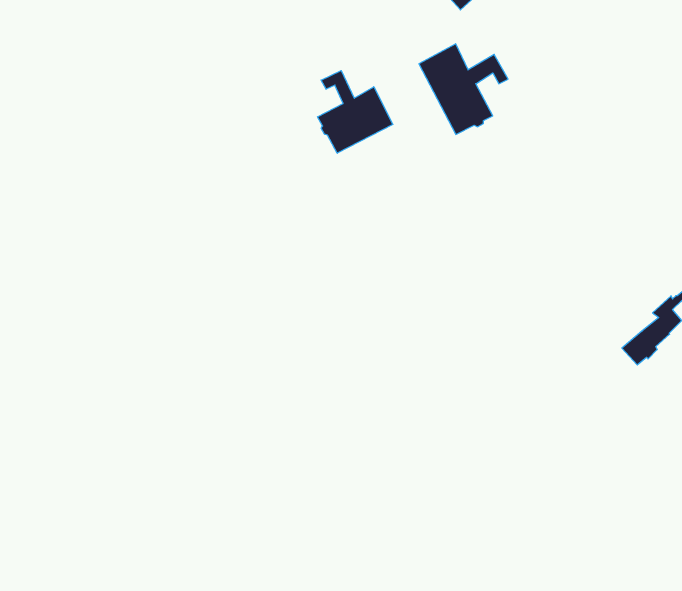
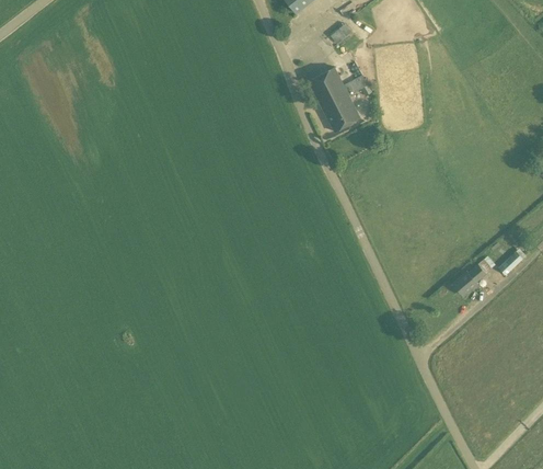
building: [318,71,393,153] -> none

